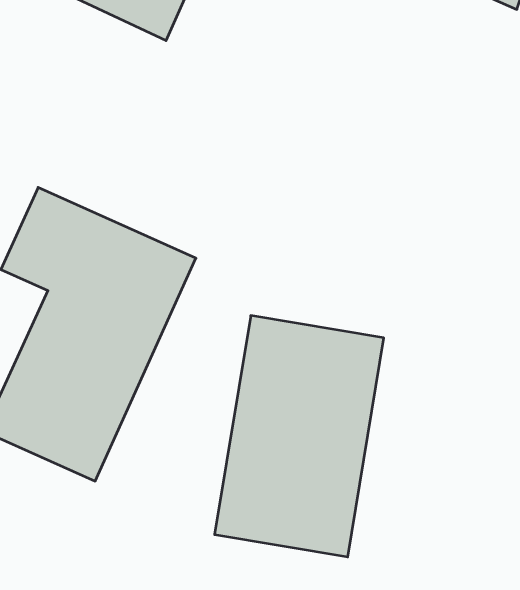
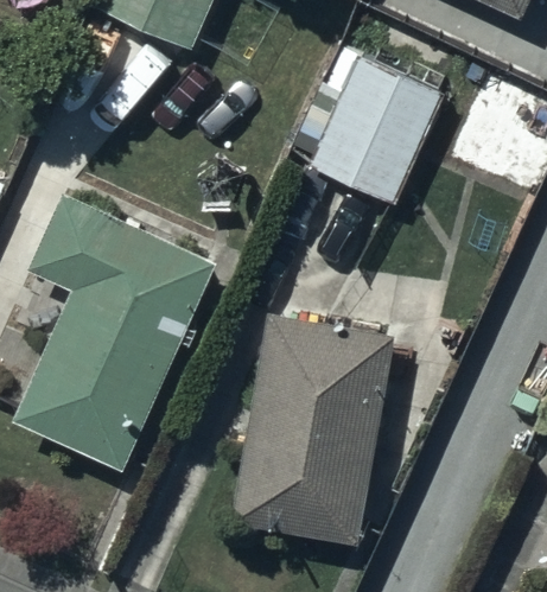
building: none -> [309,50,441,205]

